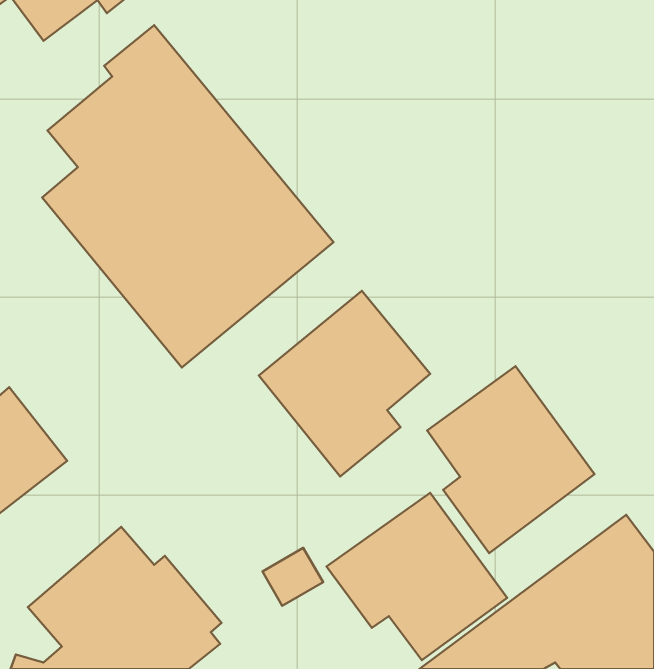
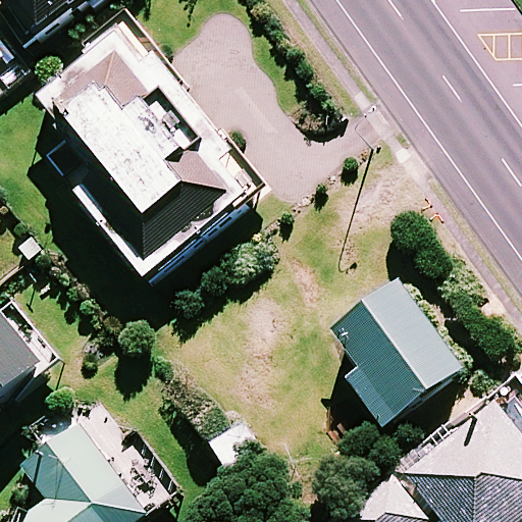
building: [259,291,430,477] -> none
building: [327,493,507,660] -> none

